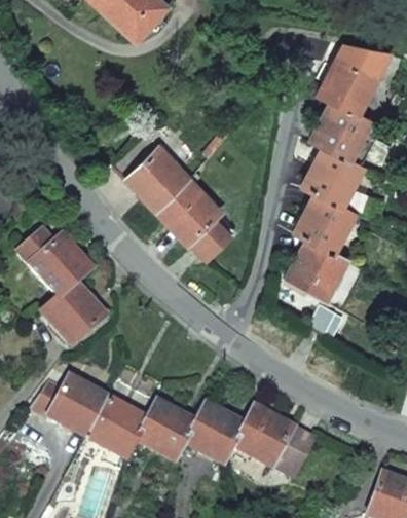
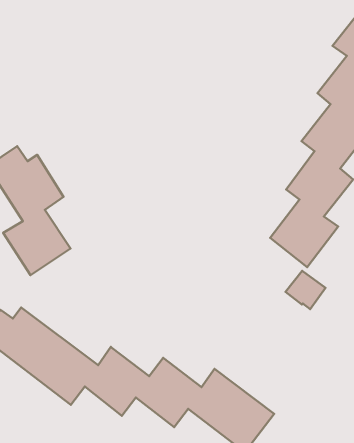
building: [116,134,238,259] -> none

